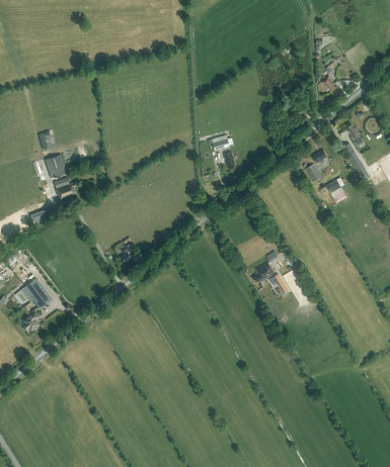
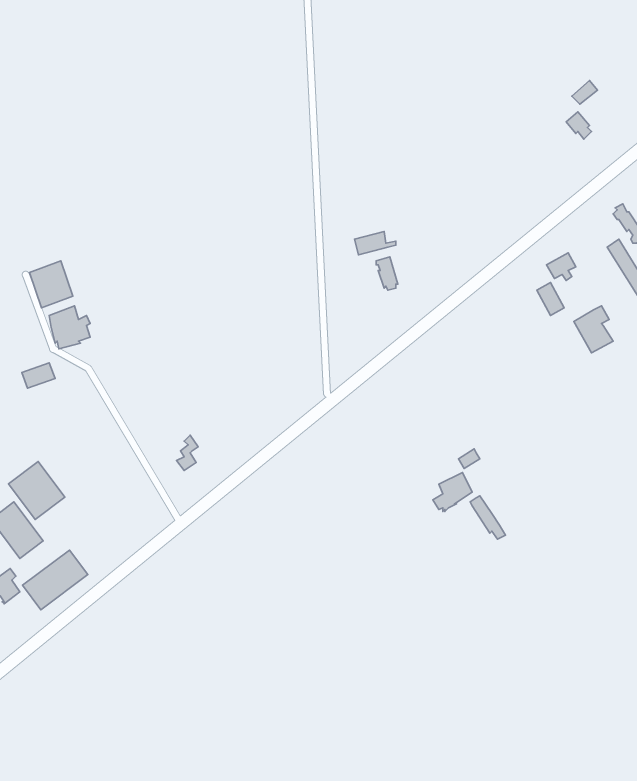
building: none -> [8,462,65,519]
building: none -> [23,550,88,610]

